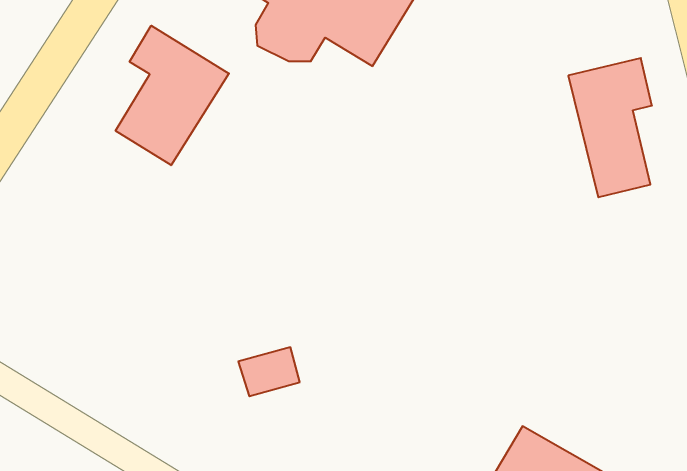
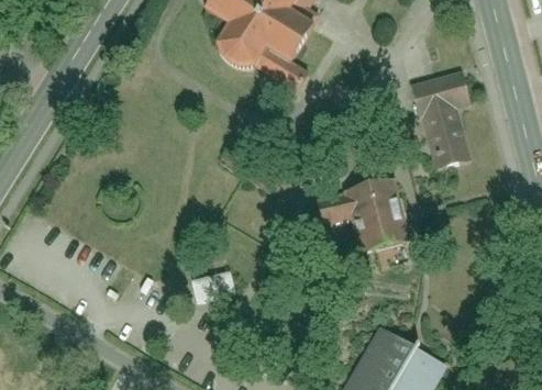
building: [116,26,229,165] -> none
building: none -> [330,180,413,254]

